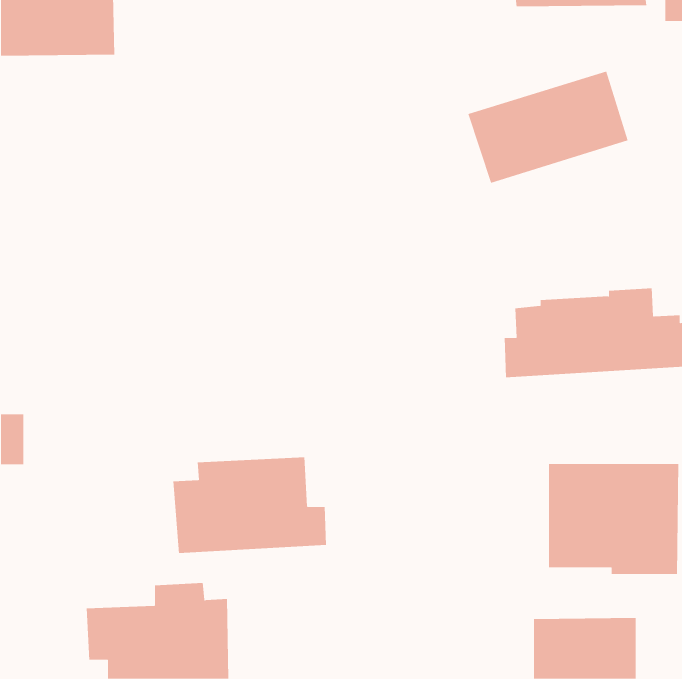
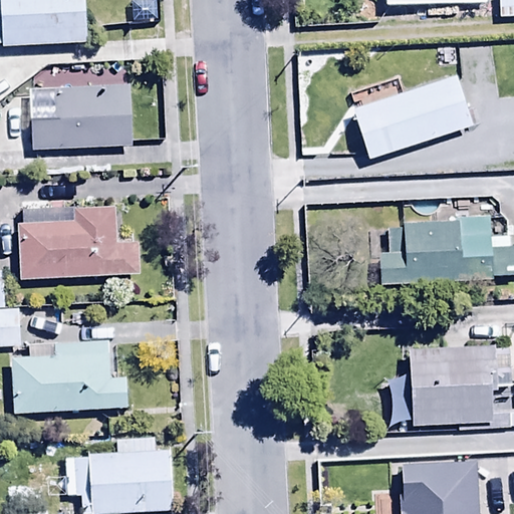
building: none -> [31,85,134,150]
building: none -> [17,205,141,279]
building: [173,457,327,553] -> [11,340,126,413]

